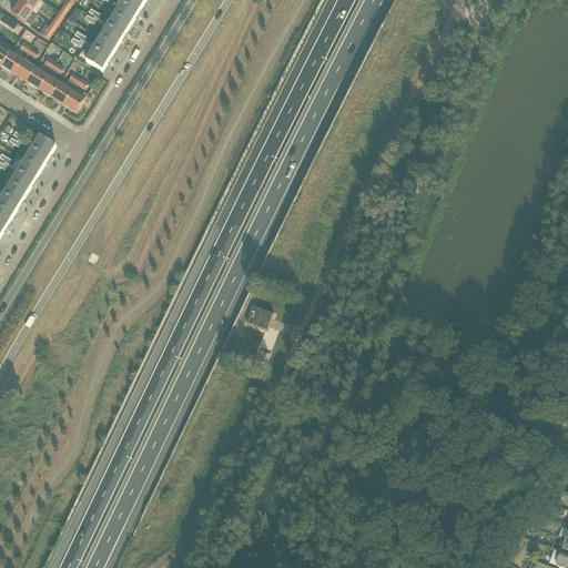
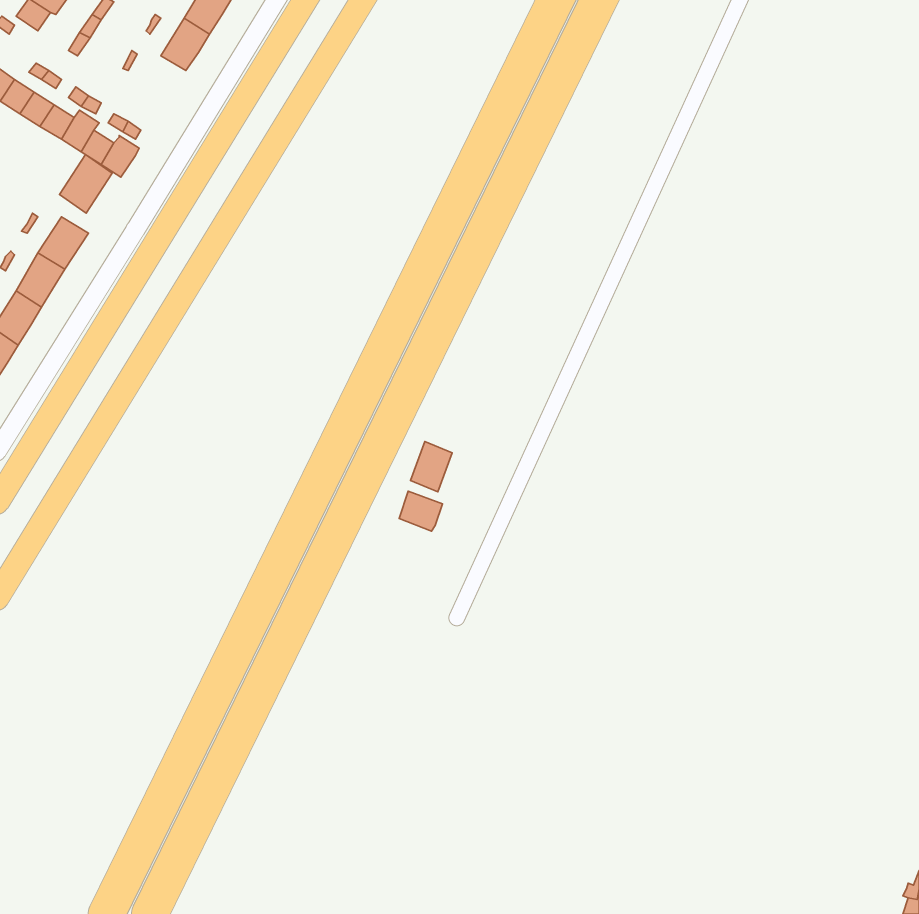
building: [84,34,114,67] -> none
building: none -> [59,154,112,213]
building: none -> [411,442,452,492]

